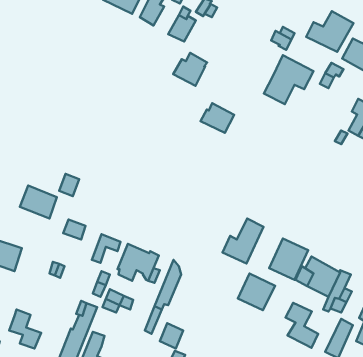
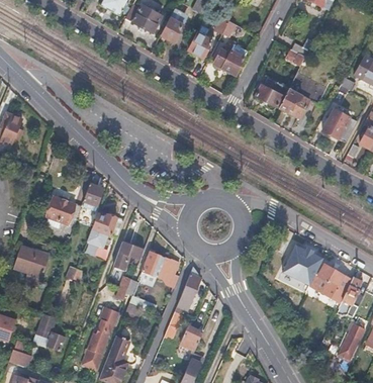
building: [306,11,354,52] -> none
building: [173,53,207,86] -> [213,43,246,75]
building: none -> [323,109,355,140]
building: [200,103,234,133] -> [255,79,287,107]
building: none -> [92,211,124,234]
building: [223,218,264,264] -> none
building: [238,273,275,310] -> none
building: [286,303,318,348] -> none

